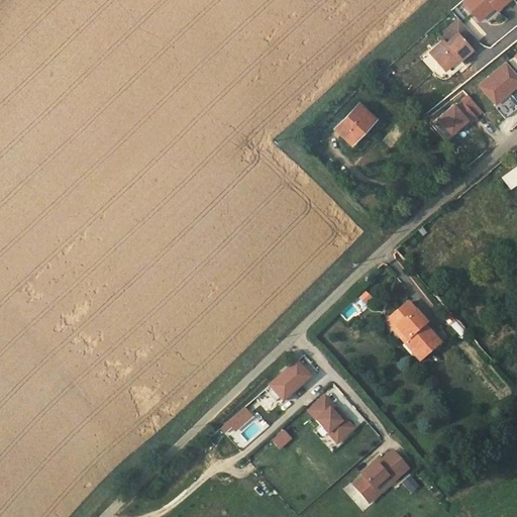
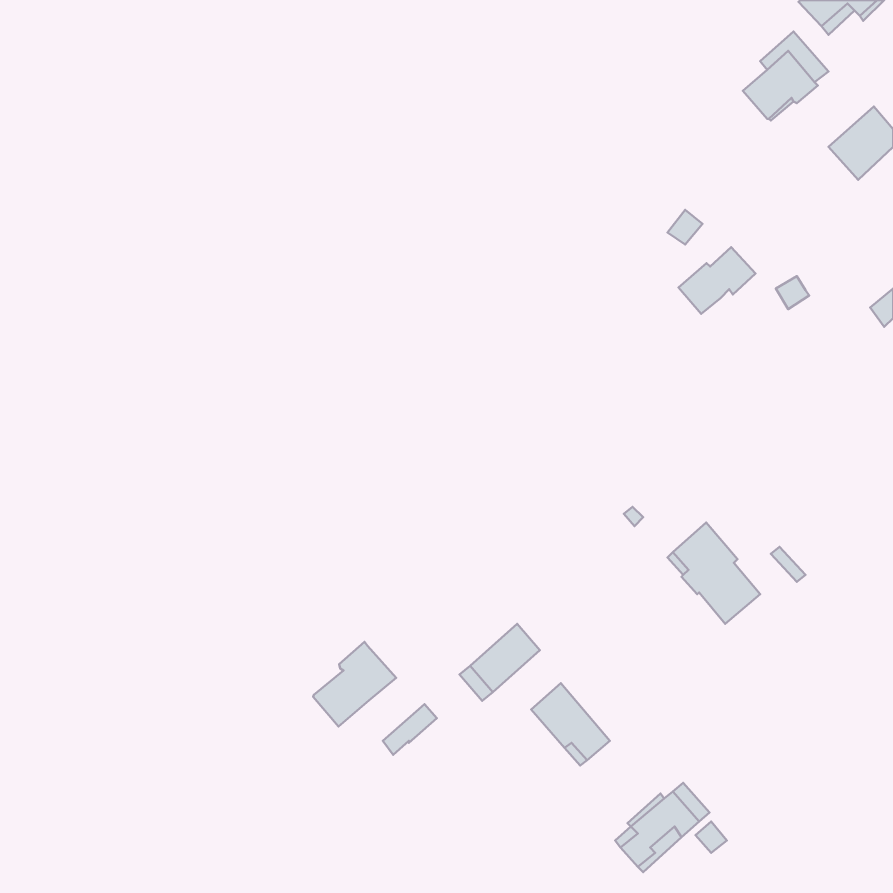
building: [437,95,482,133] -> [679,247,755,314]
building: [334,103,375,143] -> none
building: none -> [313,642,396,727]

